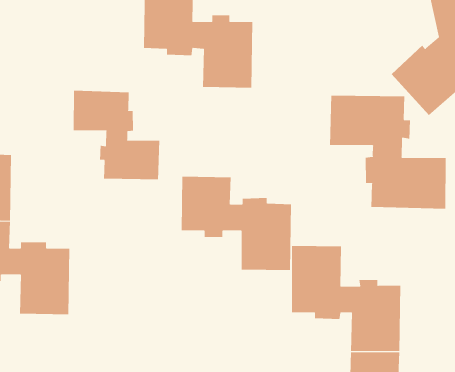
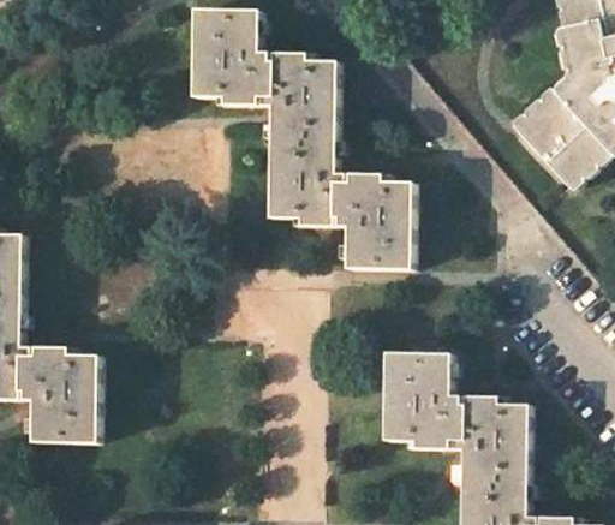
building: [73,90,160,180] -> none
building: [329,95,446,209] -> none
building: [181,176,292,271] -> [268,145,412,268]

